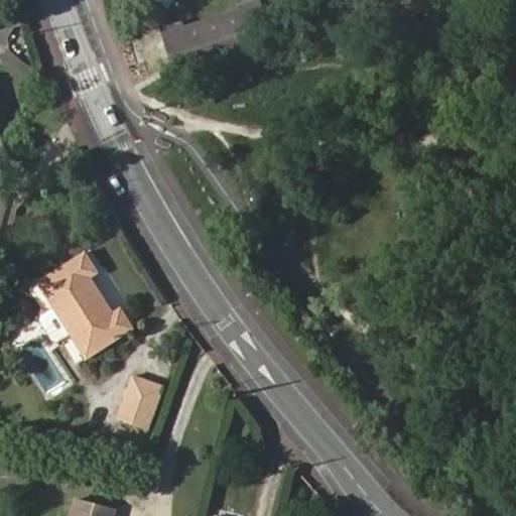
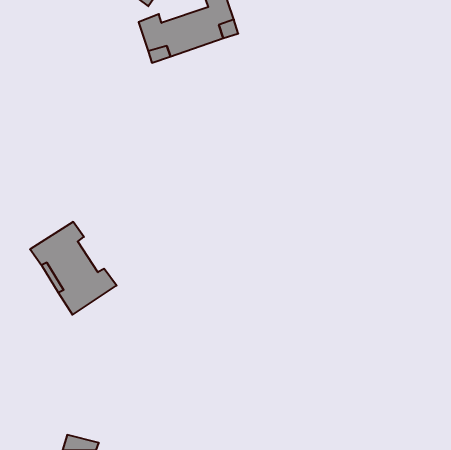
building: [117,374,162,427] -> none

